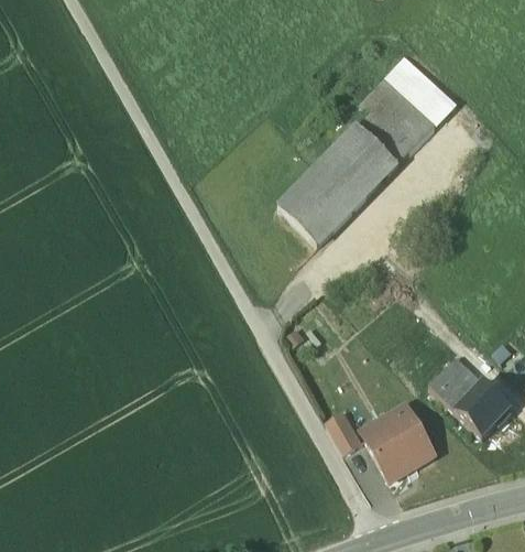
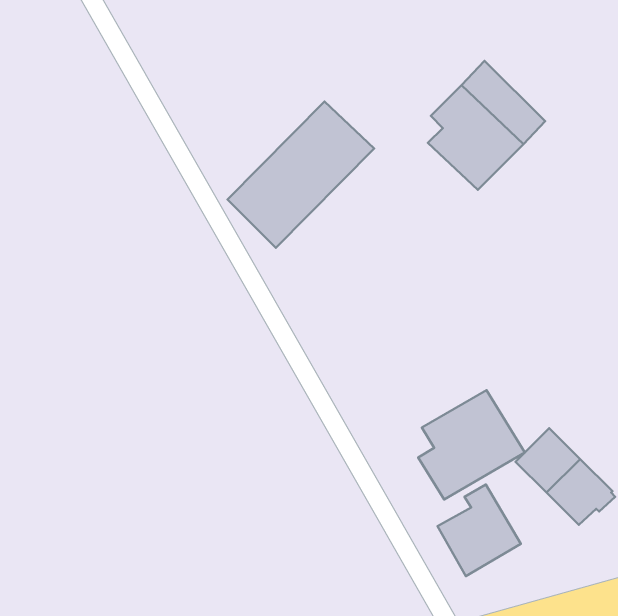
building: [278,123,398,243] -> [227,101,374,248]
building: none -> [418,390,525,500]
building: [327,412,360,452] -> none

